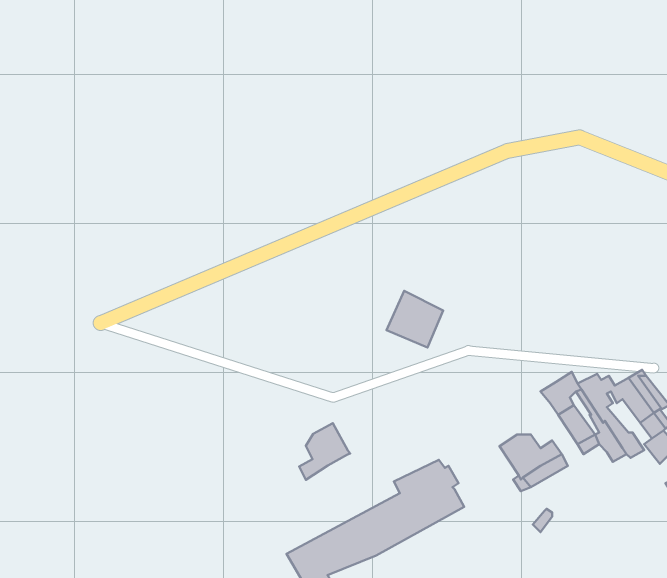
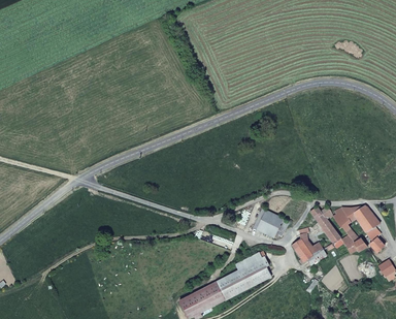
building: [387,291,443,348] -> [253,208,283,237]
building: [299,423,350,480] -> none

